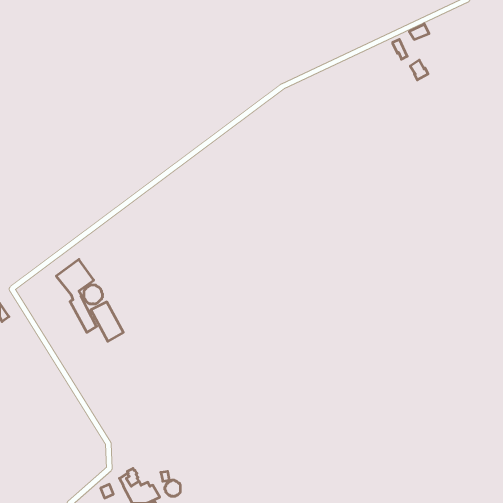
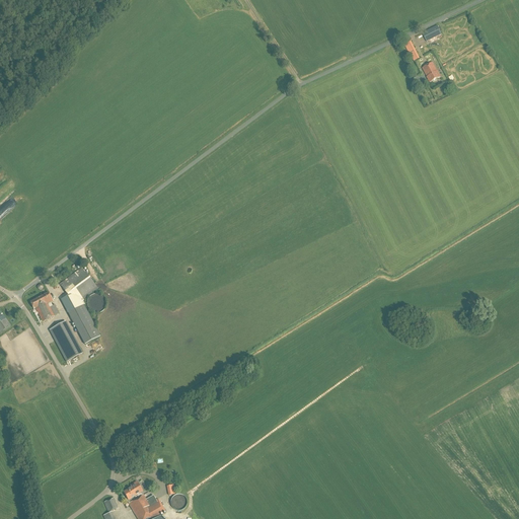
building: none -> [29,292,54,321]
building: [91,302,123,341] -> [49,321,82,362]

